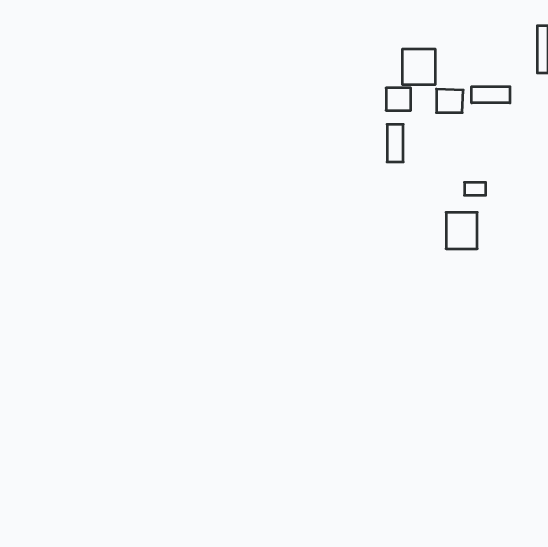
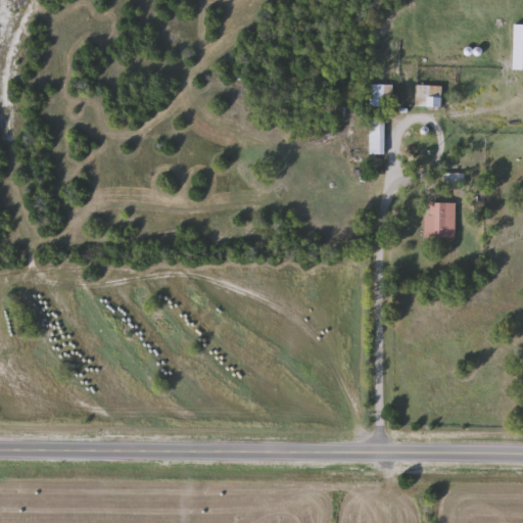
building: [403,49,435,85] -> none
building: [472,87,510,103] -> none

